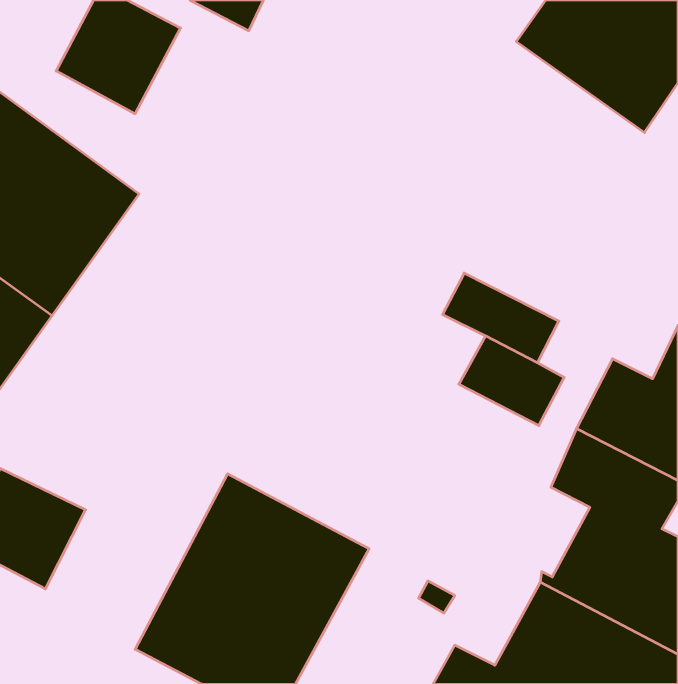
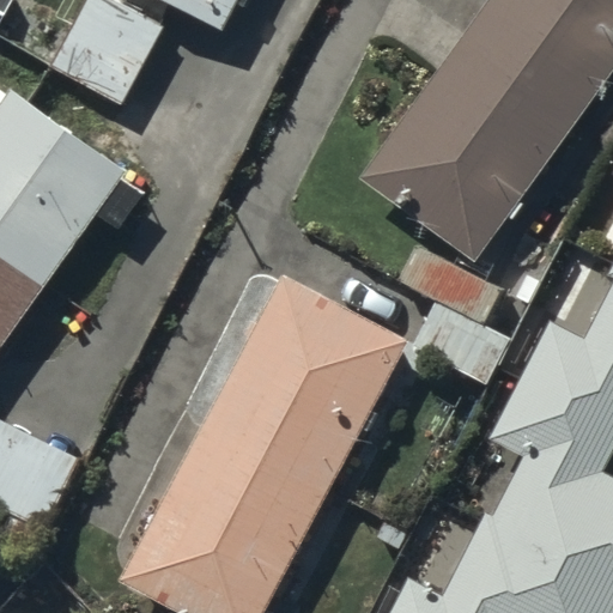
building: none -> [359,37,577,261]
building: none -> [204,273,409,491]

